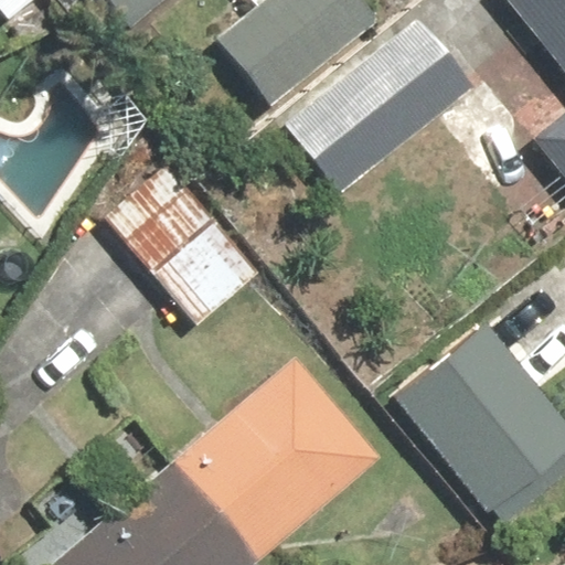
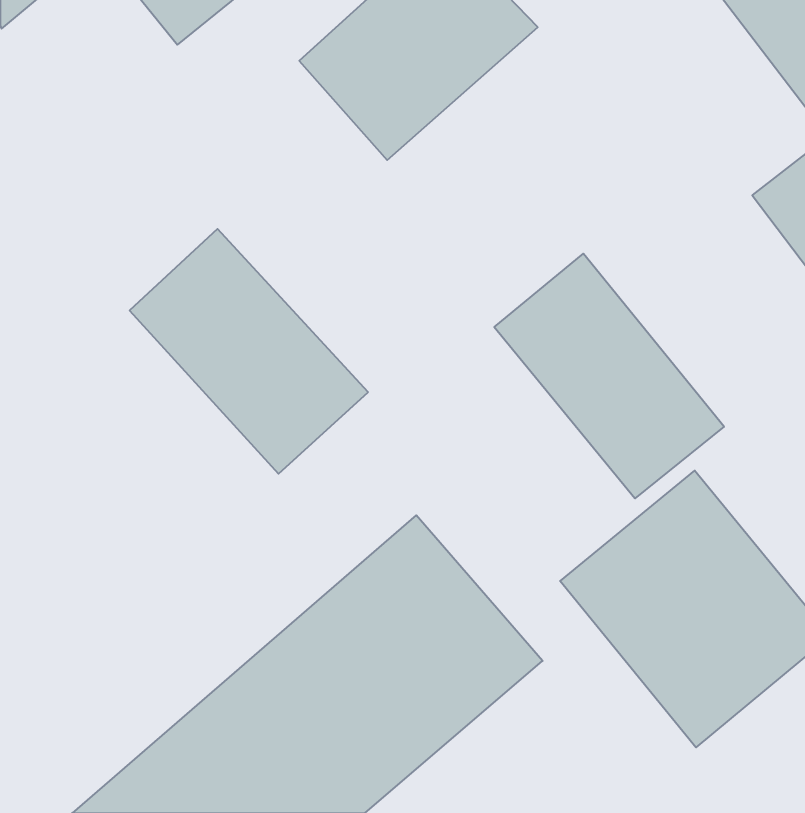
building: [282,14,477,196] -> none
building: none -> [494,254,724,498]

